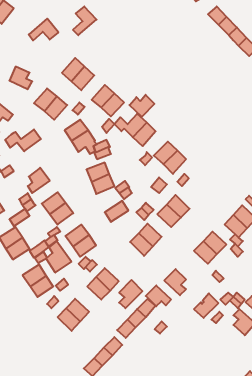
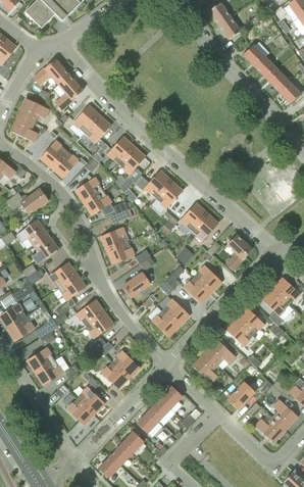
building: [73,6,97,35] -> [55,75,83,108]
building: none -> [18,98,49,121]
building: [129,95,154,117] -> none
building: none -> [16,218,47,243]
building: none -> [226,234,252,270]
building: [46,241,71,273] -> none
building: [119,280,142,308] -> none
building: [146,285,171,306] -> [205,339,235,363]
building: none -> [255,417,286,442]

